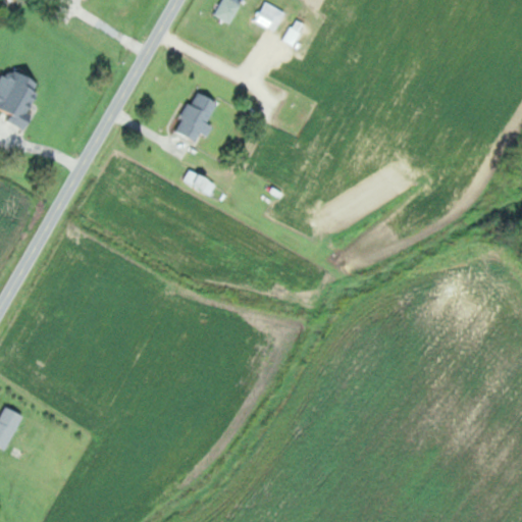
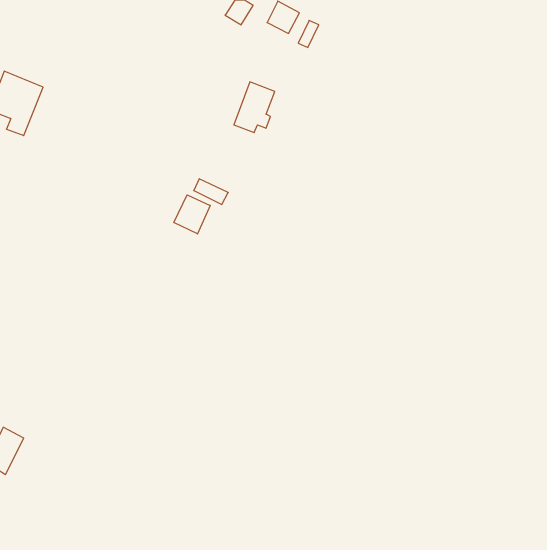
building: [177,92,216,140] -> [234,82,275,133]
building: none -> [174,195,210,234]

